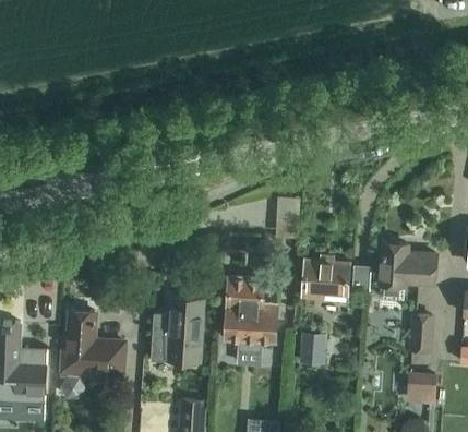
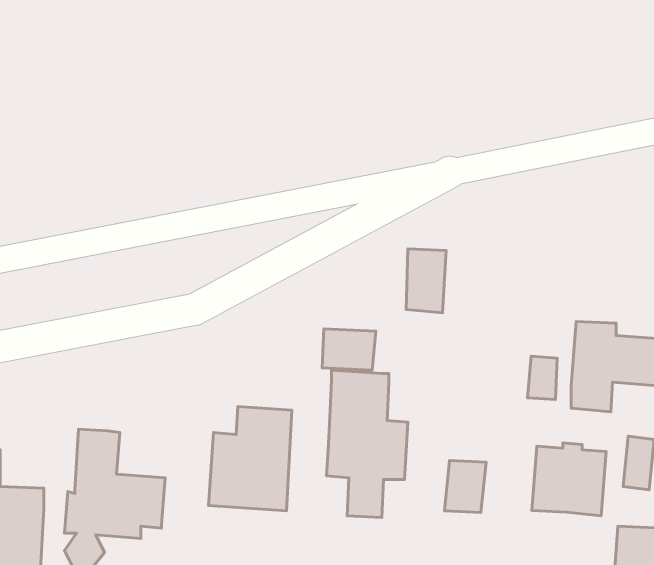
building: none -> [322,329,376,370]
building: [301,256,348,302] -> [532,443,606,516]

